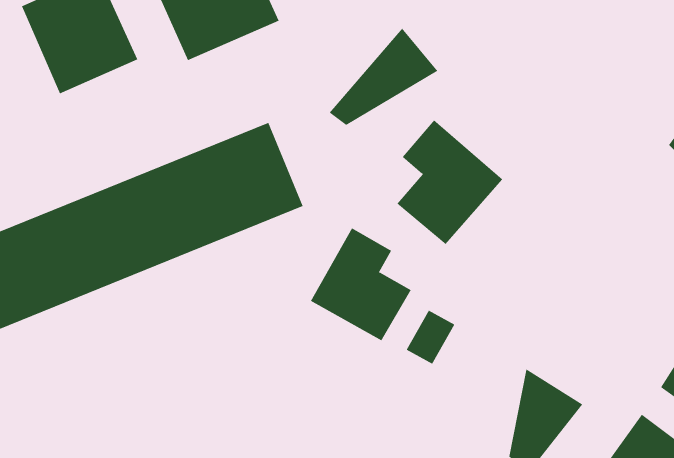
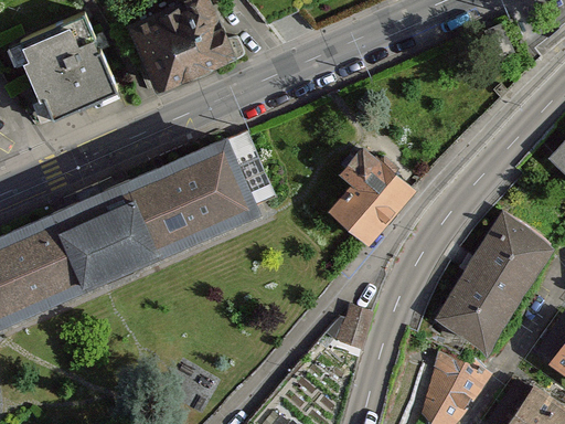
building: [329,28,438,126] -> none
building: none -> [435,214,554,349]
building: [310,228,412,341] -> none

